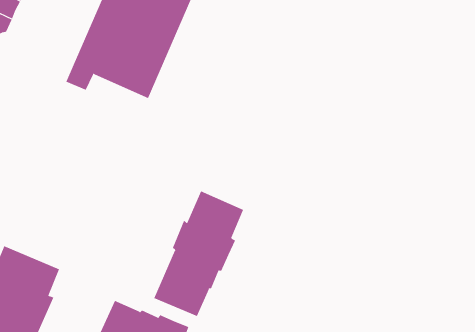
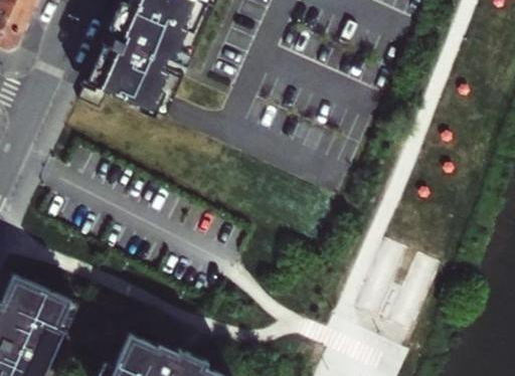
building: [154,190,244,317] -> none

